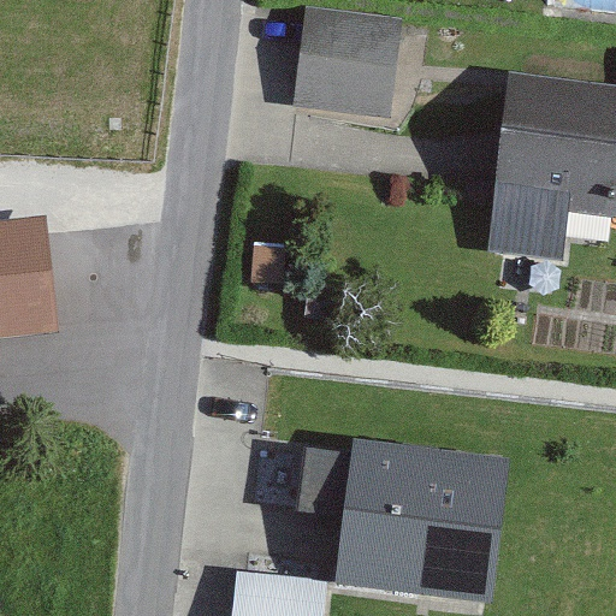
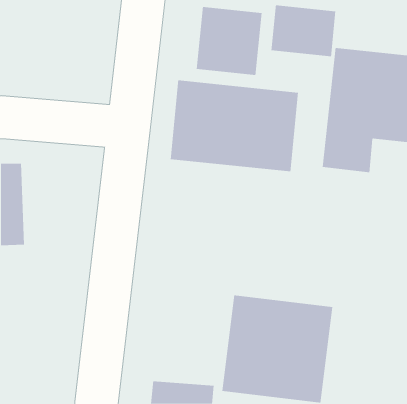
building: none -> [271,5,336,57]
building: none -> [170,80,299,172]

